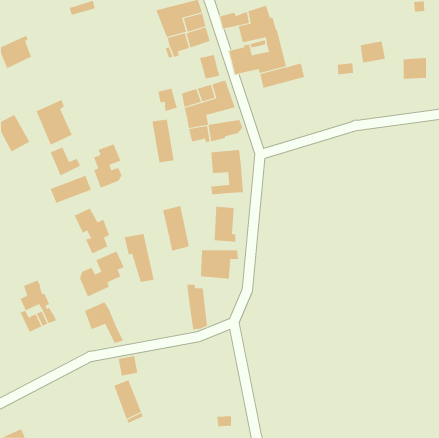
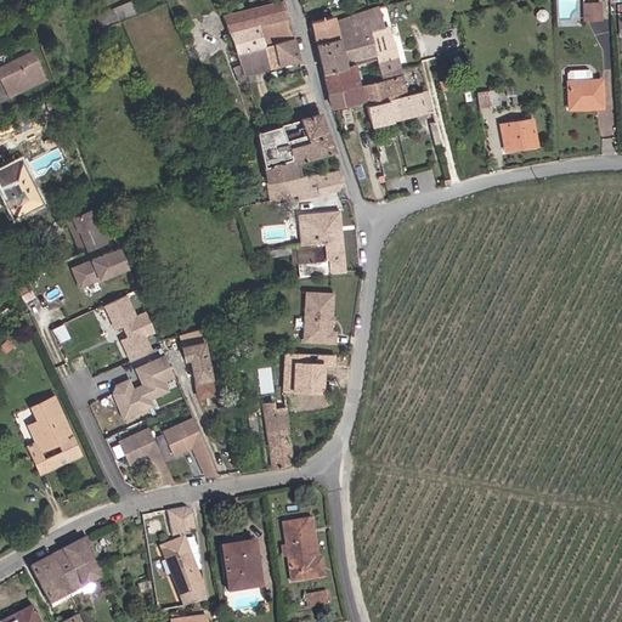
building: [360,41,386,63] -> [502,121,538,153]
building: [199,54,220,79] -> [315,36,344,72]
building: [158,88,178,112] -> none
building: [36,99,72,145] -> none
building: [152,119,174,163] -> none
building: [93,143,122,188] -> none
building: [162,205,190,251] -> none
building: none -> [154,417,219,477]
building: none -> [281,519,322,581]
building: none -> [28,536,97,603]
building: none -> [220,539,261,589]

